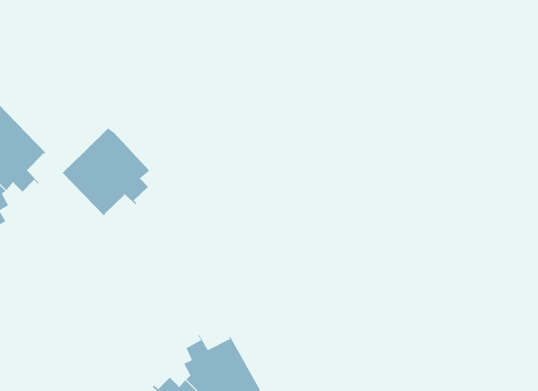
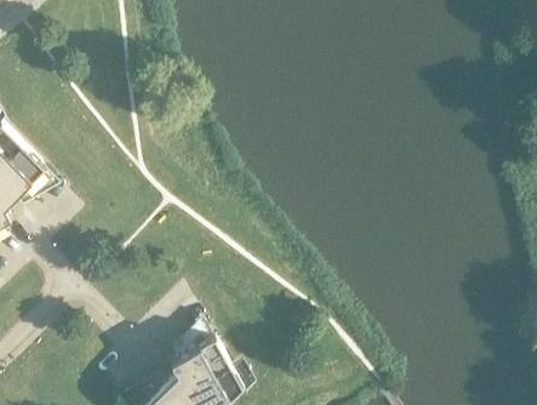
building: [62,127,150,216] -> none

